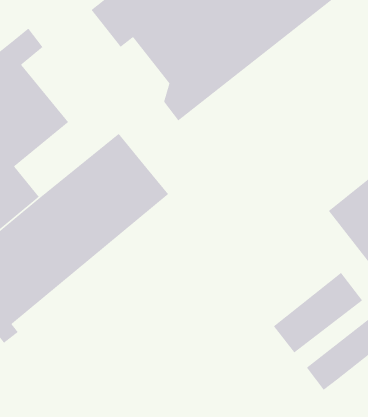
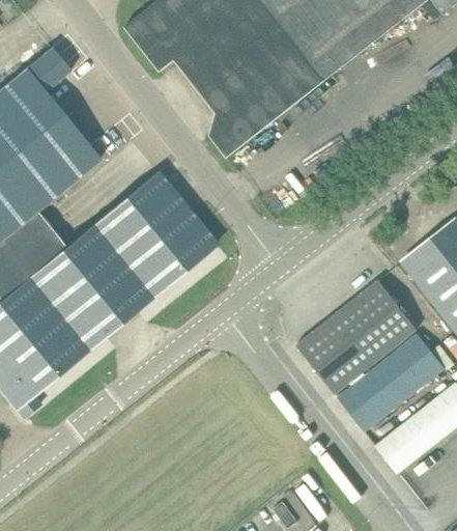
building: none -> [296,281,417,393]

